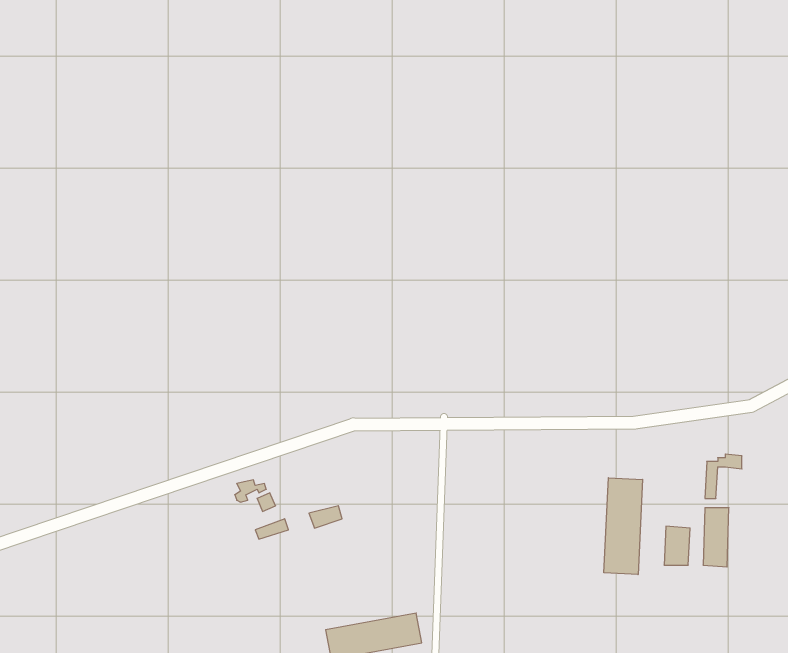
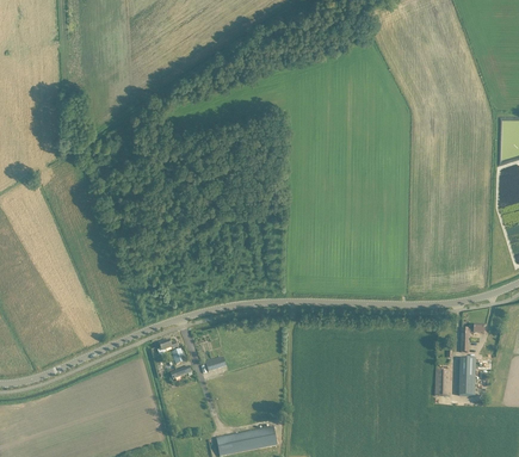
building: [604,478,643,575] -> none

